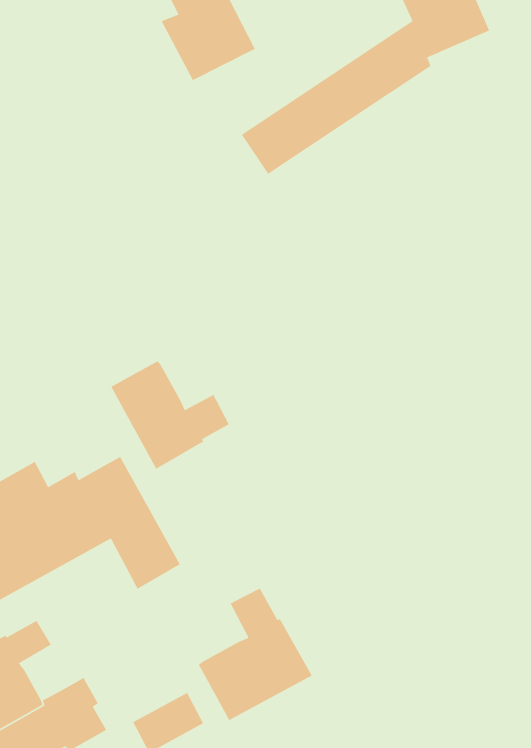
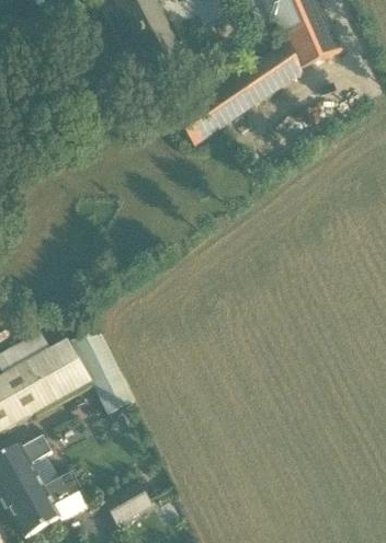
building: [110,360,230,470] -> none
building: [198,587,313,721] -> none

